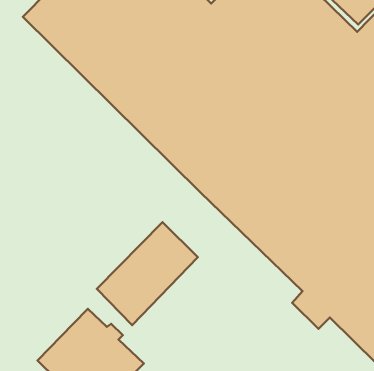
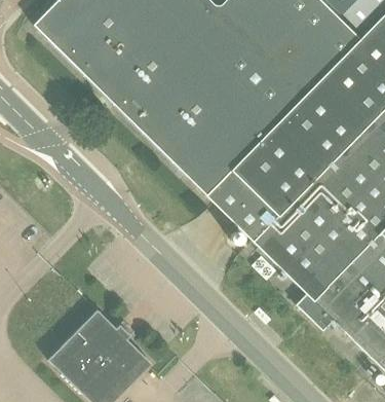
building: [97,222,198,325] -> none

